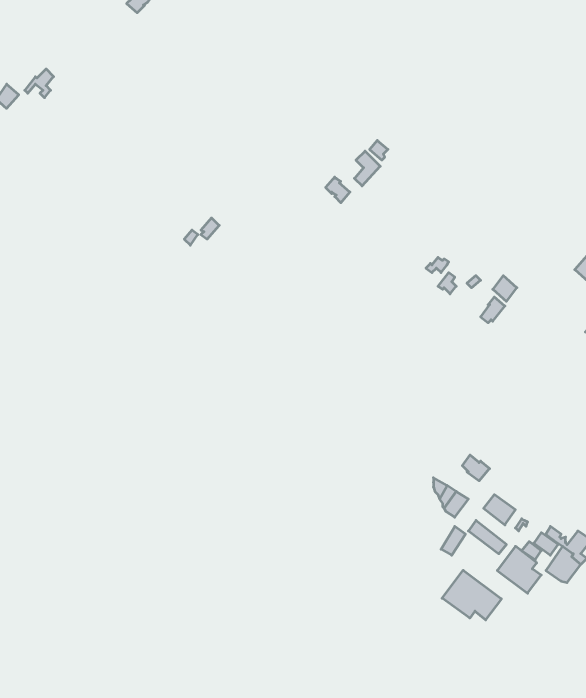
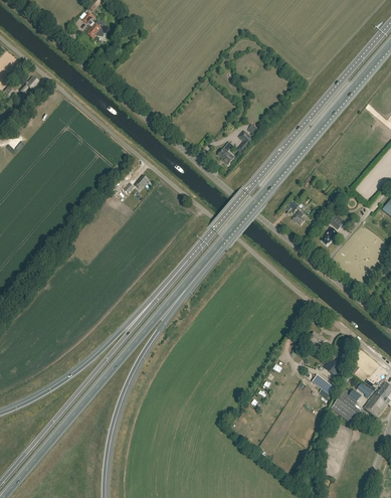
building: [442,570,501,620] -> none

